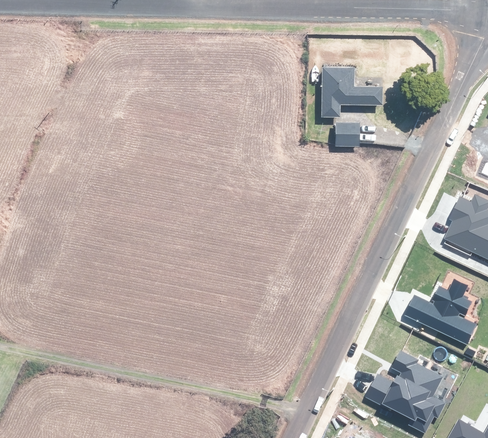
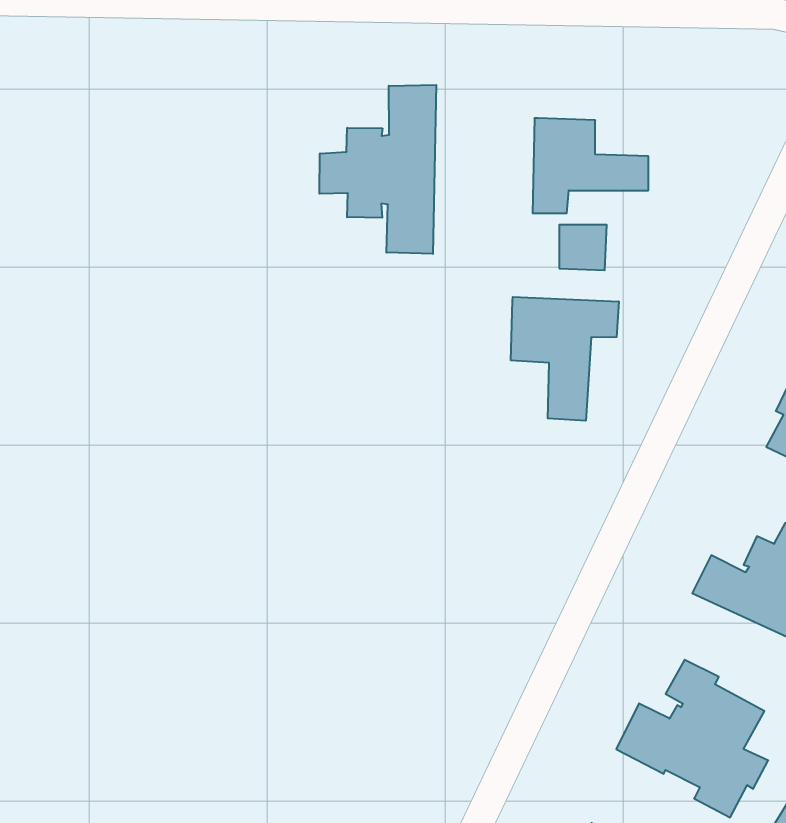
building: none -> [319,85,436,254]
building: none -> [511,297,619,421]

